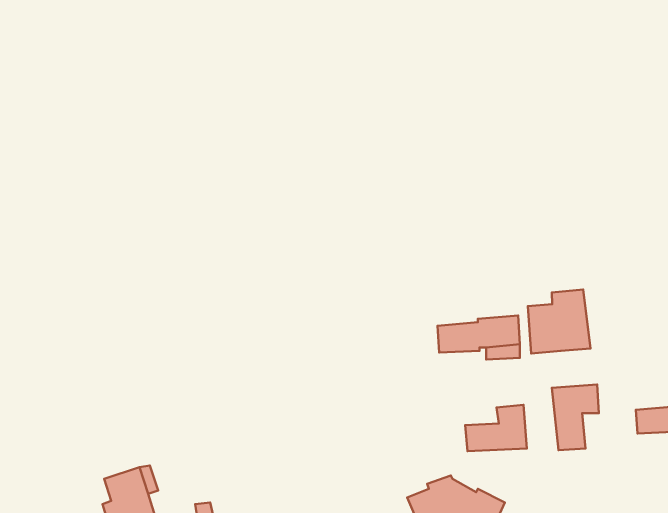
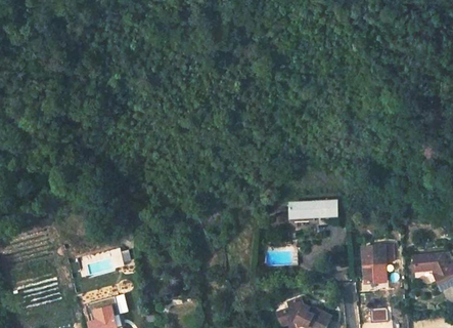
building: [528,289,591,353] -> none
building: [465,405,527,451] -> none

